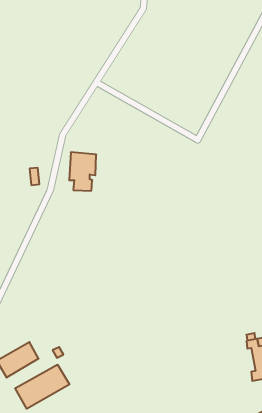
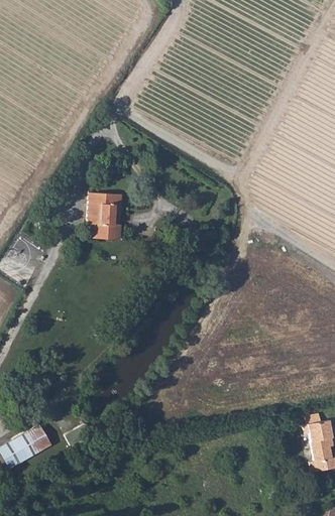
building: [15,365,69,409] -> none

